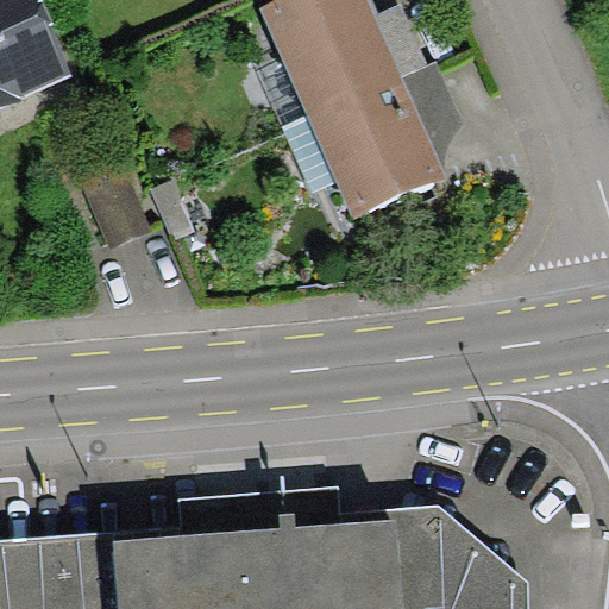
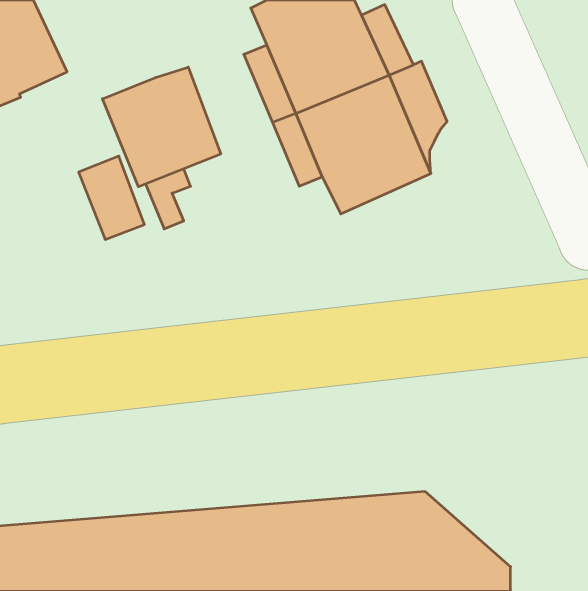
building: none -> [102,67,221,187]

